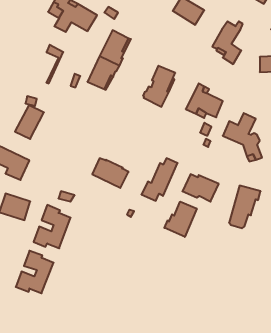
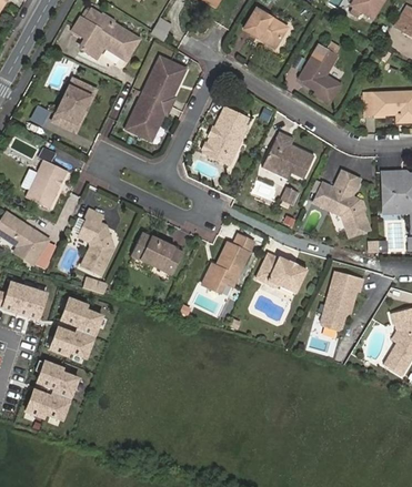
building: none -> [51,87,86,129]
building: none -> [78,209,111,274]
building: [164,202,197,237] -> none

